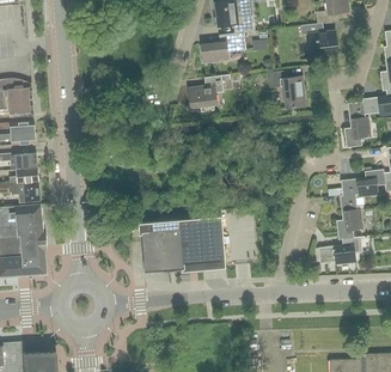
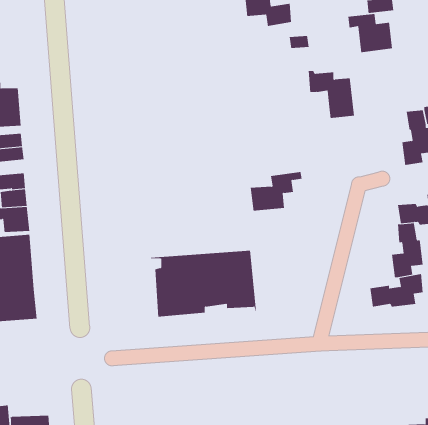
building: [202,32,246,62] -> none
building: [188,74,231,106] -> [250,172,302,211]

